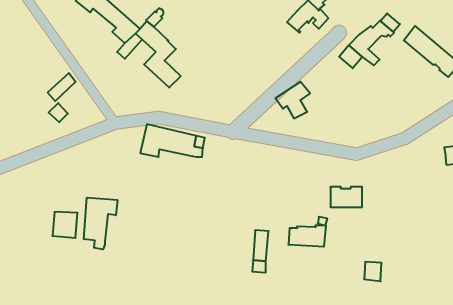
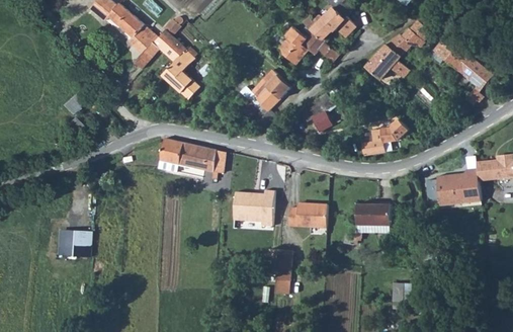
building: none -> [279,26,338,65]
building: none -> [240,70,290,121]
building: none -> [361,118,409,155]
building: none -> [436,168,480,203]
building: none -> [234,190,274,226]
building: [84,198,117,249] -> none
building: [288,225,326,247] -> [287,204,327,227]

